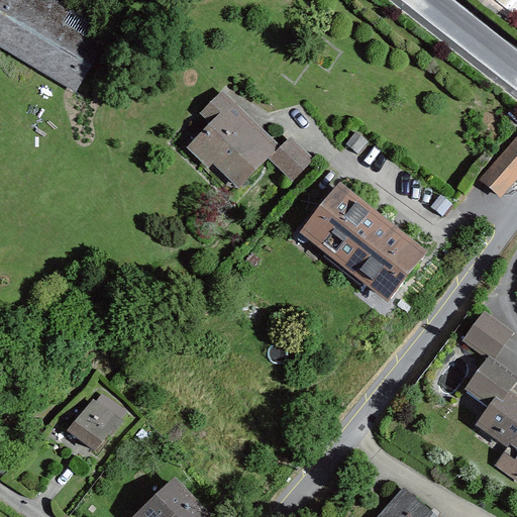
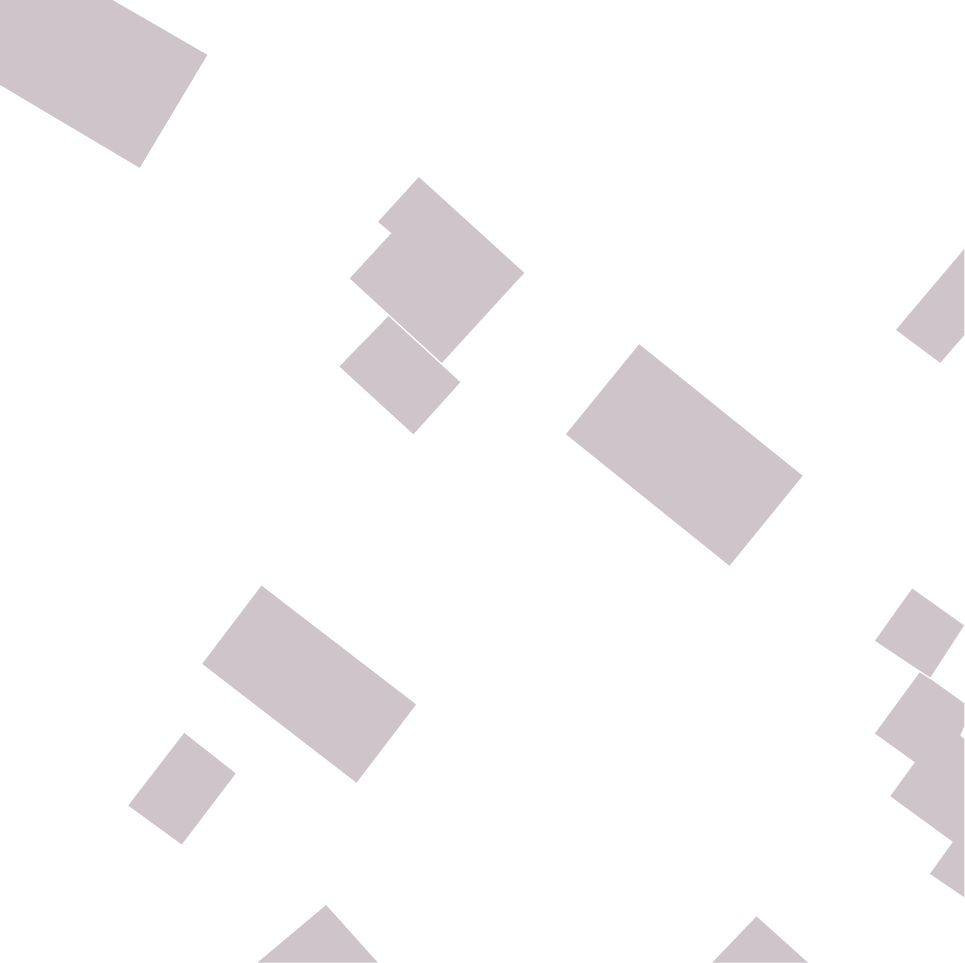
building: [275,133,318,178] -> none
building: none -> [339,315,461,435]
building: none -> [201,585,417,784]

